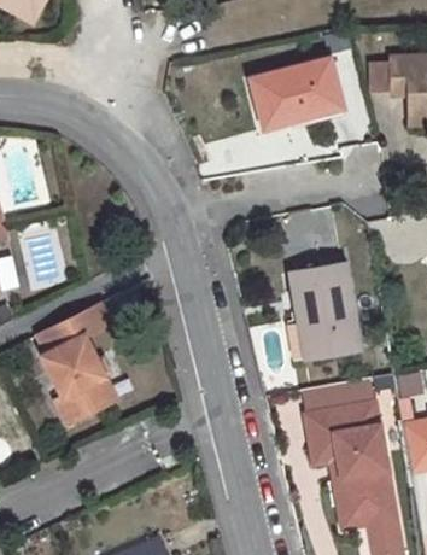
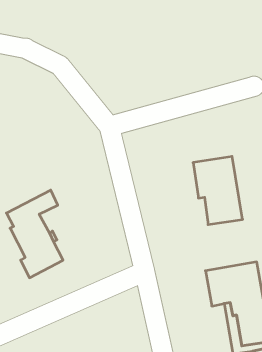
building: [250,58,343,129] -> none
building: [300,376,376,417] -> none

